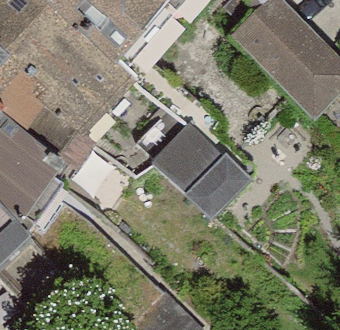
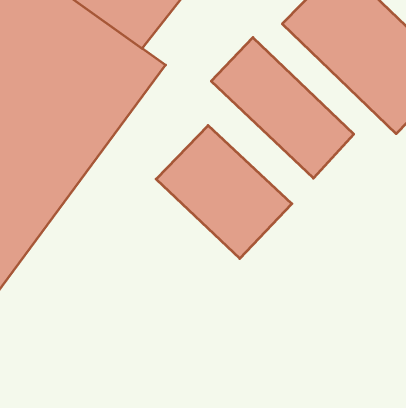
building: none -> [211,37,354,178]

